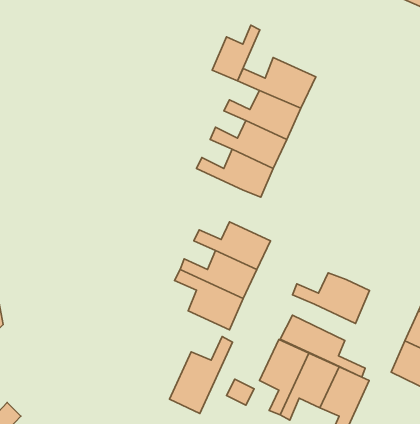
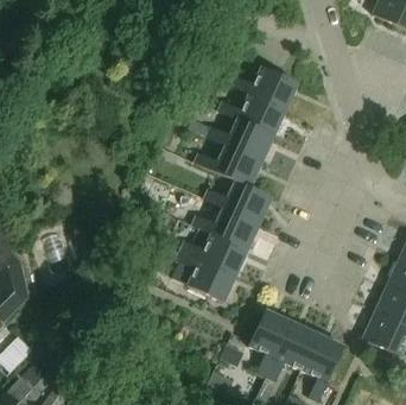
building: [212,25,260,81] -> none
building: [293,273,369,323] -> [204,181,271,224]
building: [280,315,365,377] -> none
building: [169,336,232,414] -> none

